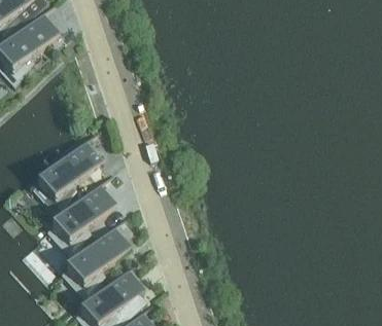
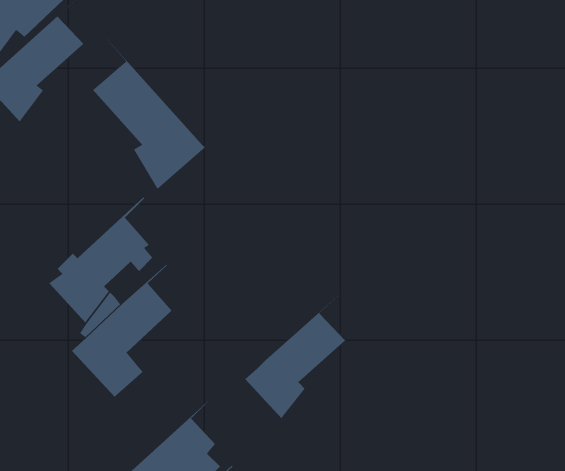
building: none -> [92,36,205,190]
building: [64,214,129,294] -> [244,294,346,419]

